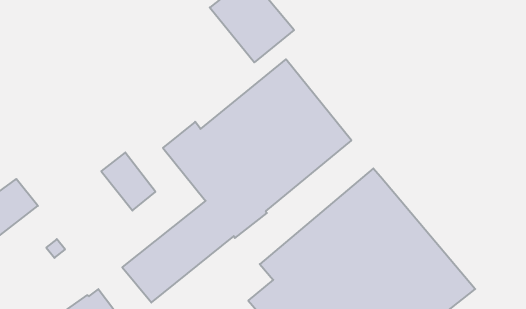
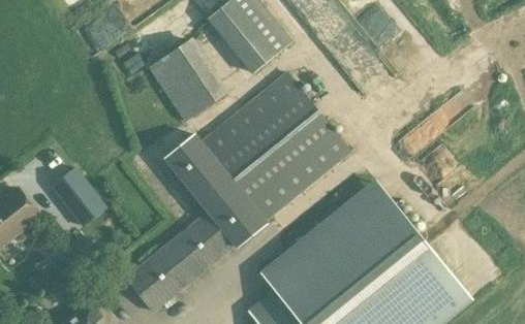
building: none -> [147,38,228,122]
building: [101,152,155,211] -> [51,168,104,226]

